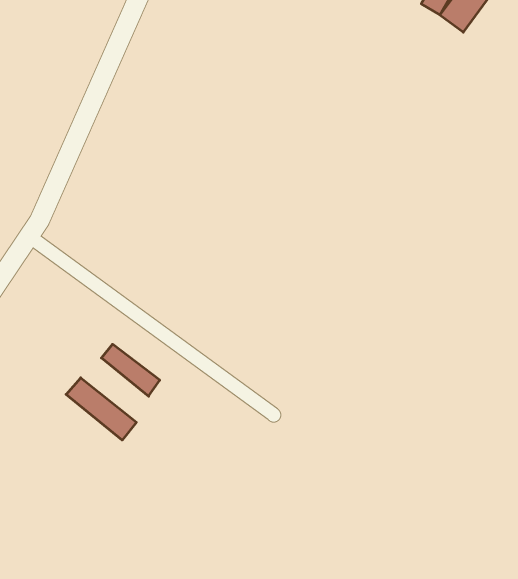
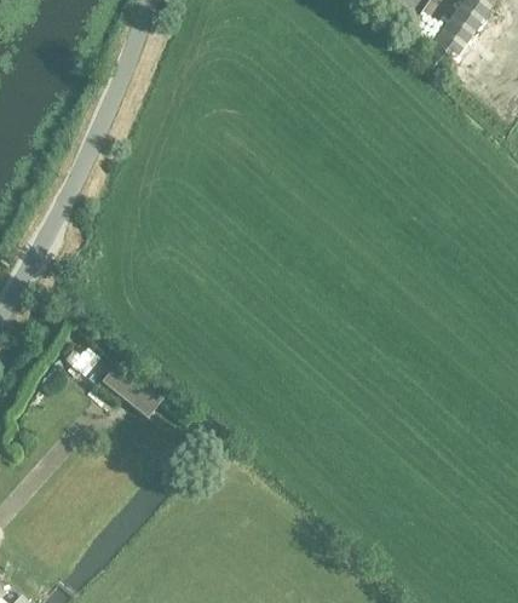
building: [66,378,136,440] -> none

